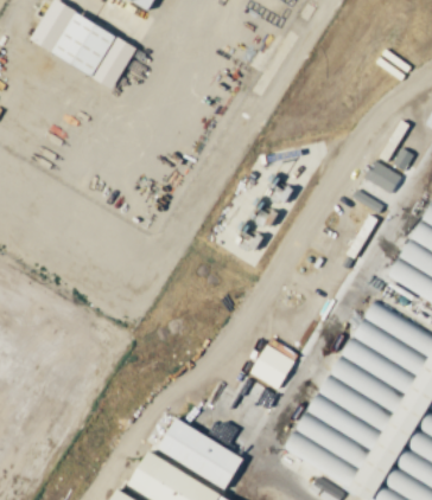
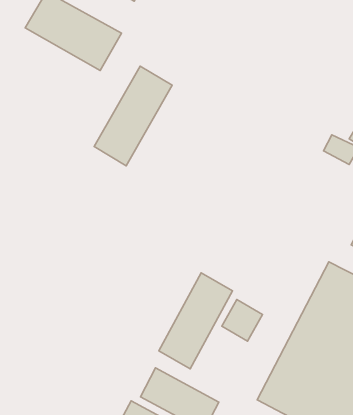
building: none -> [94,66,172,166]
building: none -> [159,273,232,369]

